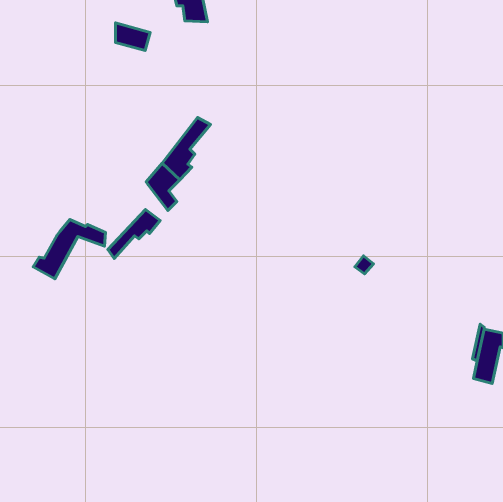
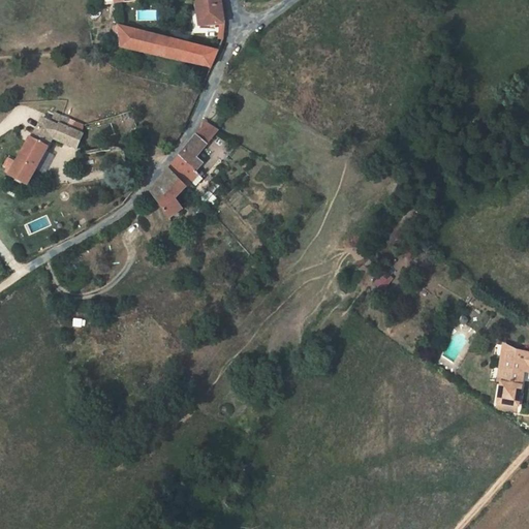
building: none -> [152,34,211,67]
building: [108,210,160,259] -> none
building: [33,220,105,279] -> [7,118,83,180]

